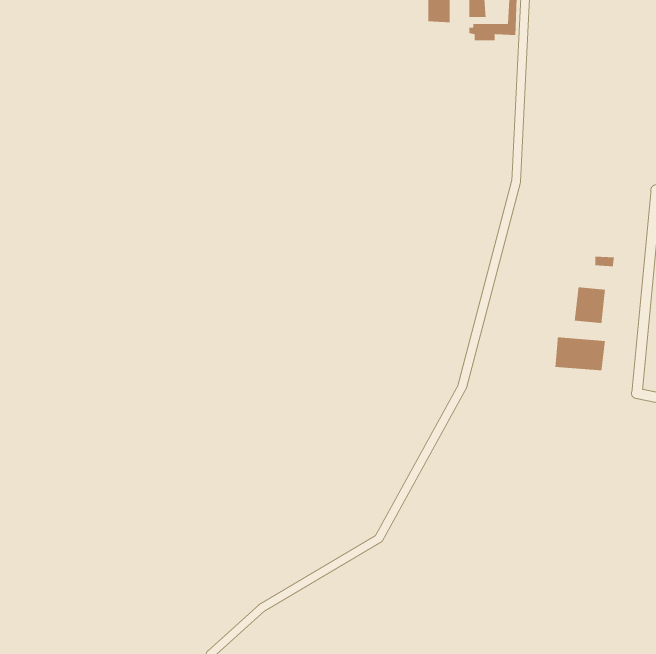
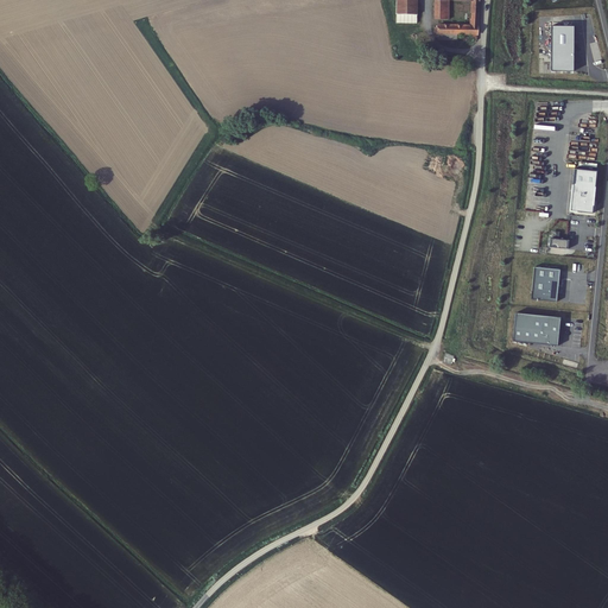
building: none -> [551,24,574,69]
building: none -> [570,166,596,211]

